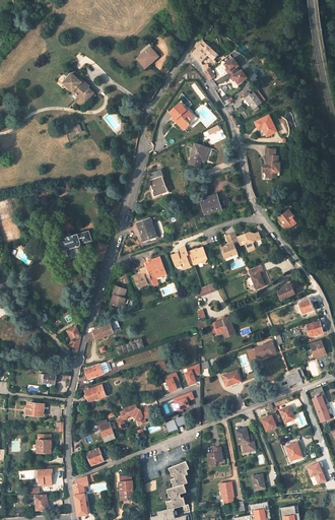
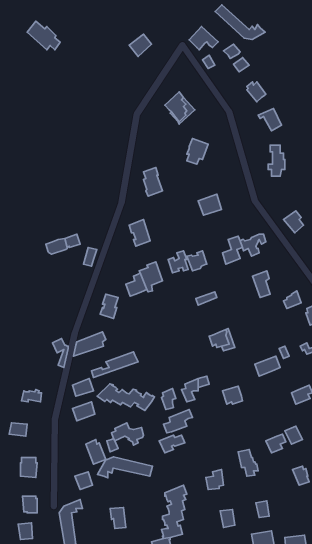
building: none -> [215,5,265,40]
building: [62,73,92,100] -> [27,21,60,50]
building: none -> [97,384,154,410]
building: none -> [97,457,153,478]

